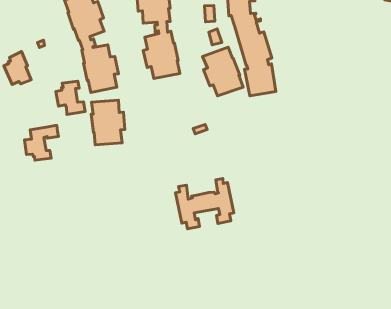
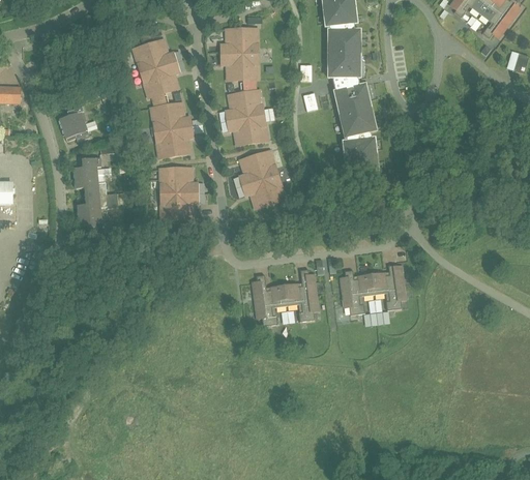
building: [202,47,243,96] -> [238,153,284,210]
building: [56,81,85,114] -> [73,157,107,196]
building: none -> [340,263,406,313]

